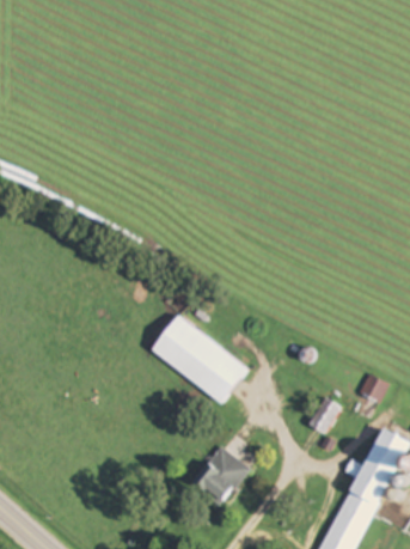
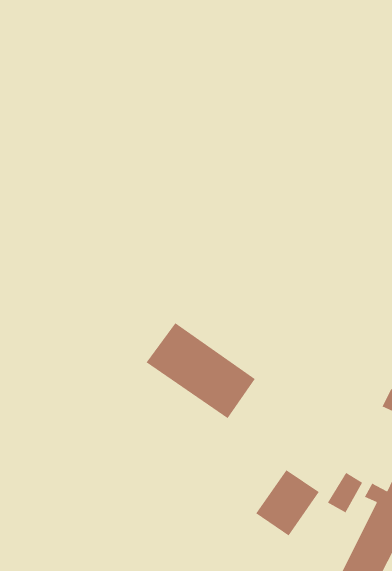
building: [308,396,341,433] -> [327,472,363,514]
building: [191,445,249,505] -> [255,469,320,536]

